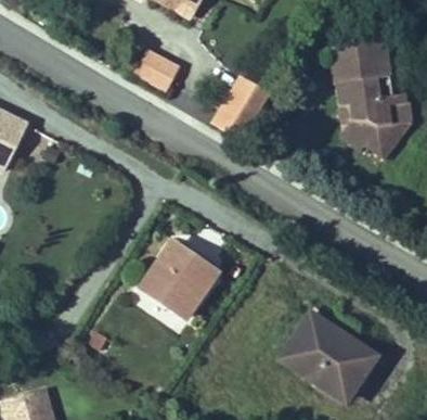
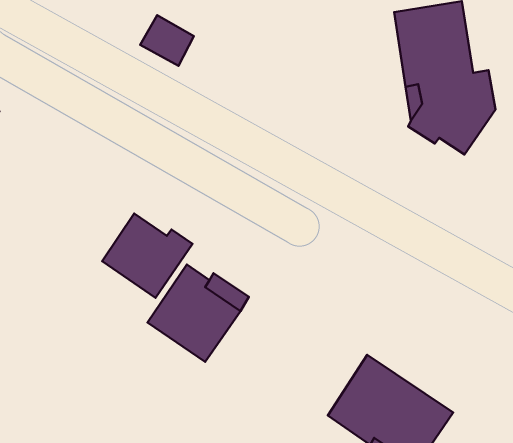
building: [215,74,271,139] -> none
building: none -> [102,213,192,298]

